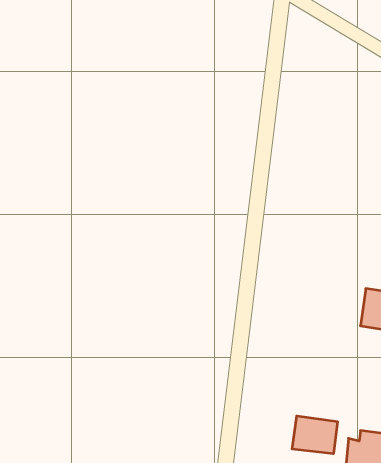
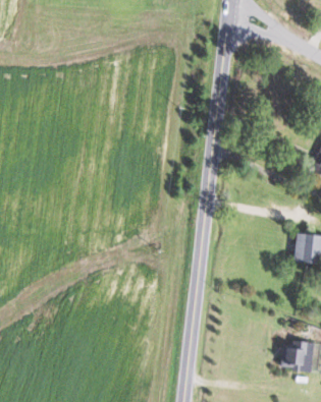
building: [292,416,337,454] -> none

